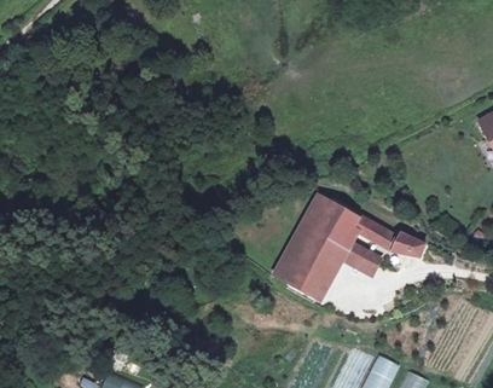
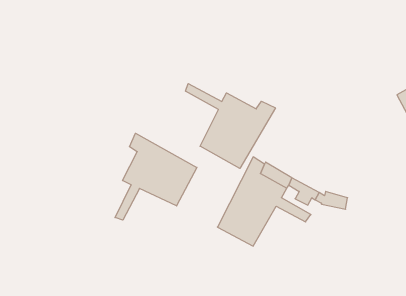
building: none -> [186,84,275,168]
building: none -> [115,133,197,220]

